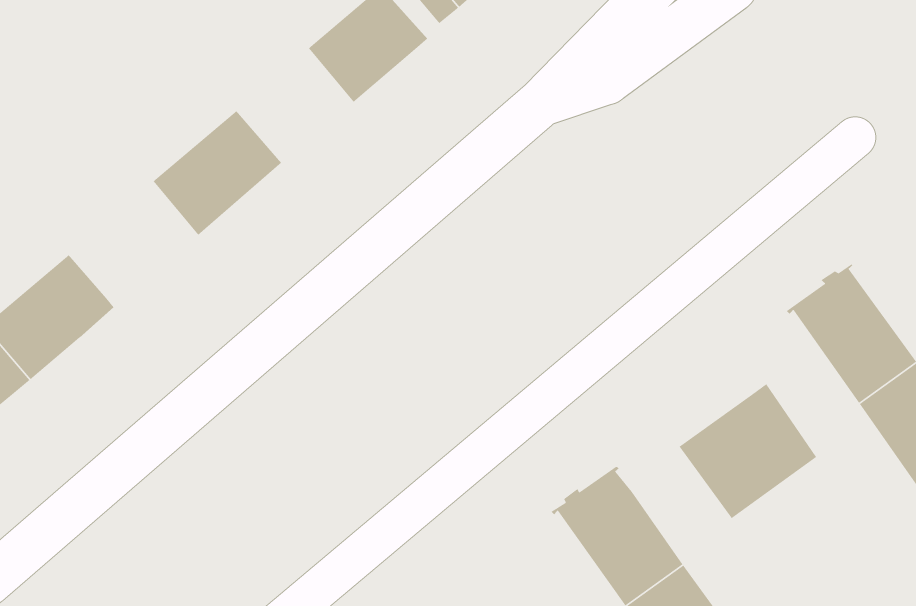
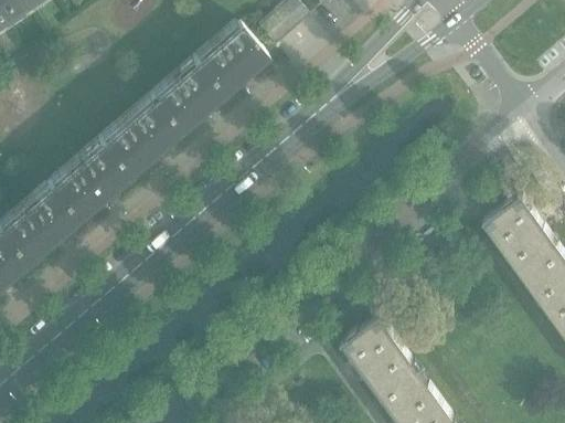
building: none -> [150,67,221,137]
building: none -> [49,148,127,224]
building: [678,383,817,519] -> none

